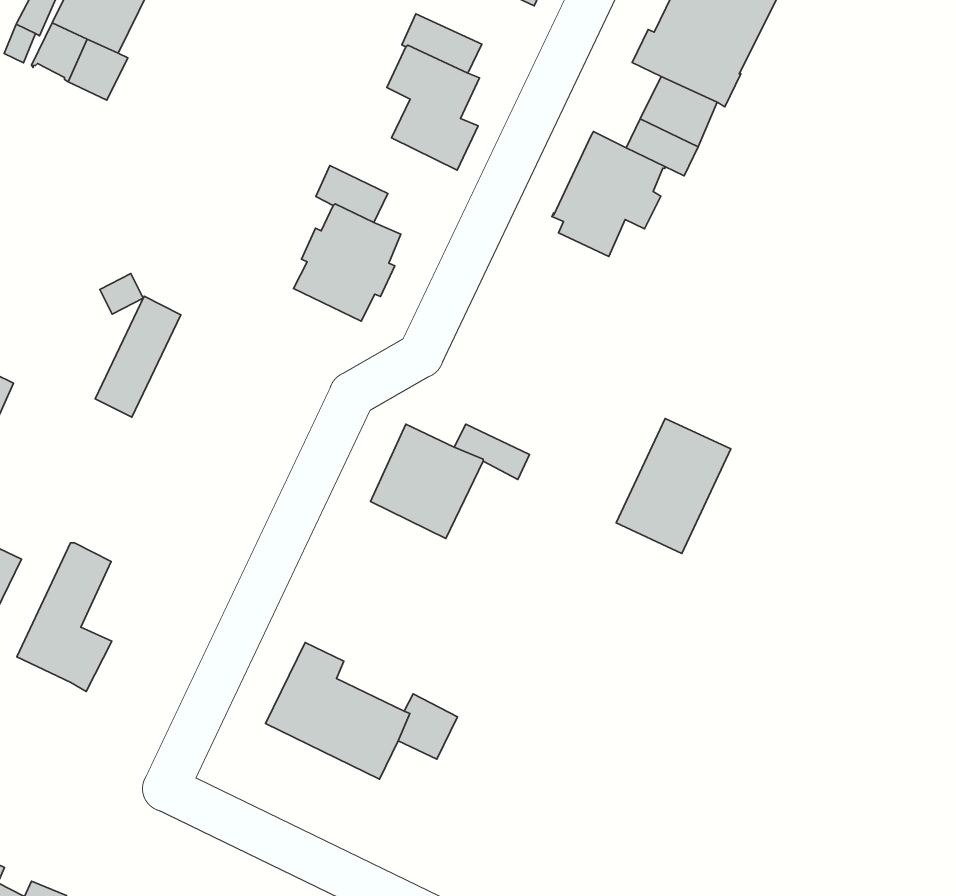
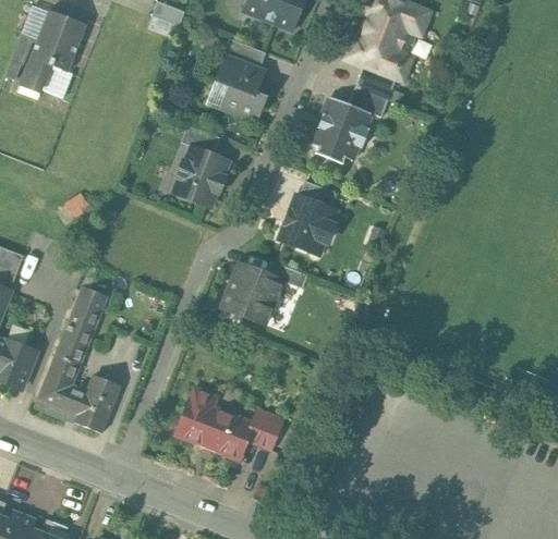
building: [95,296,181,417] -> [62,284,106,351]
building: [616,419,731,553] -> [280,182,340,255]
building: none -> [74,370,118,432]

